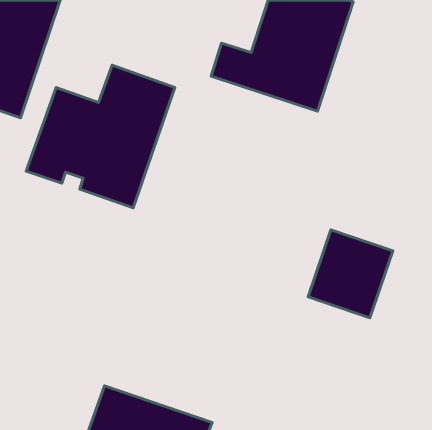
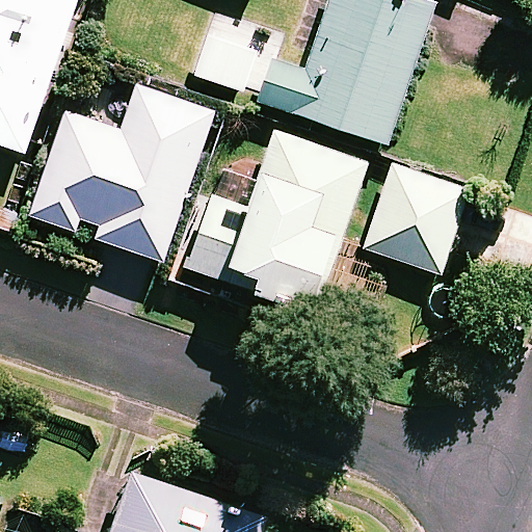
building: none -> [186,129,367,298]
building: [308,230,393,318] -> [365,165,469,273]

